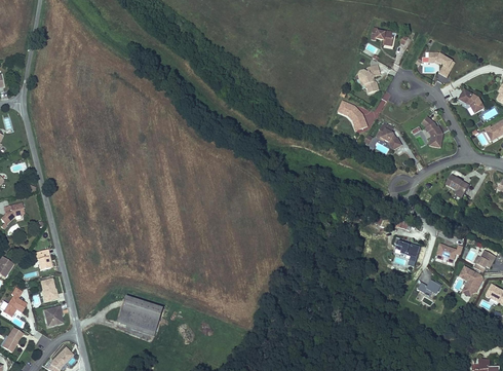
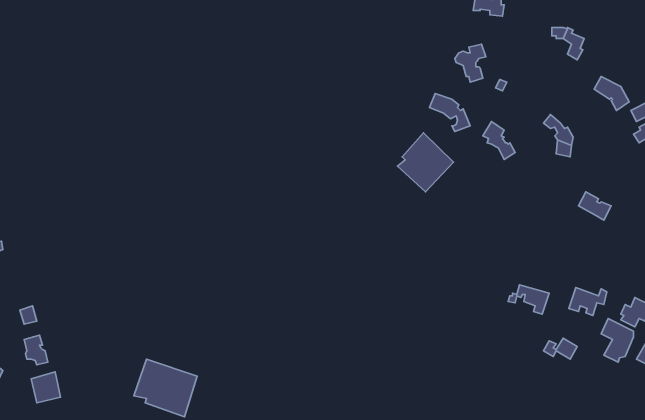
building: none -> [398,133,454,192]

